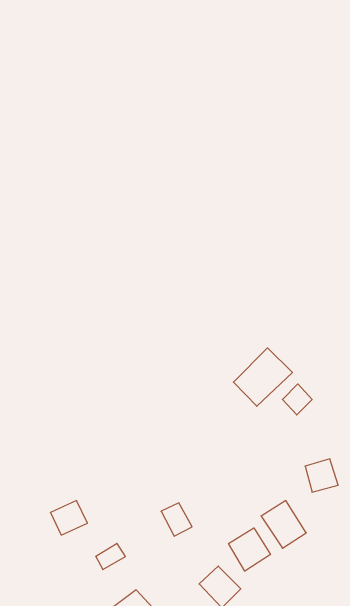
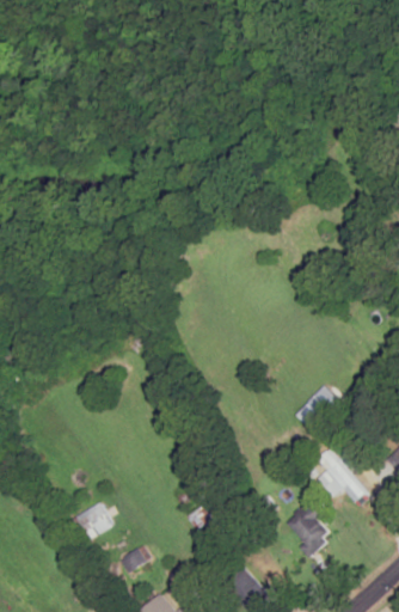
building: [233,348,292,406] -> none
building: [229,528,270,571] -> none

